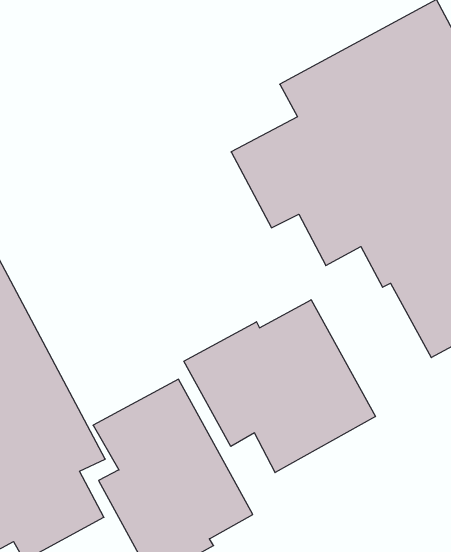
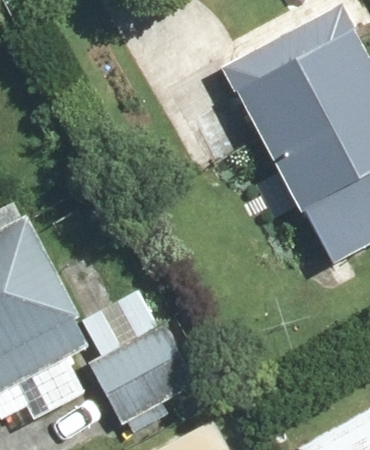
building: [184,300,375,473] -> none

